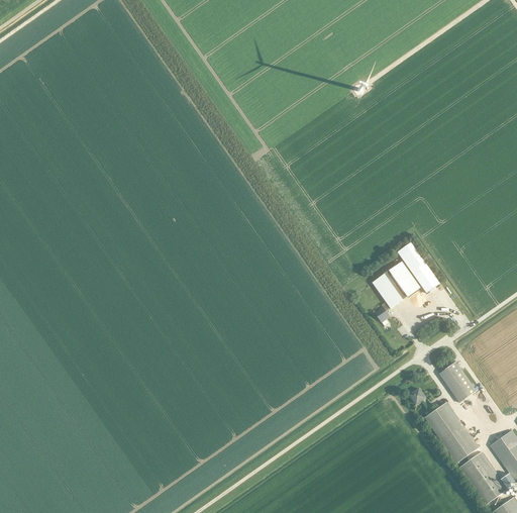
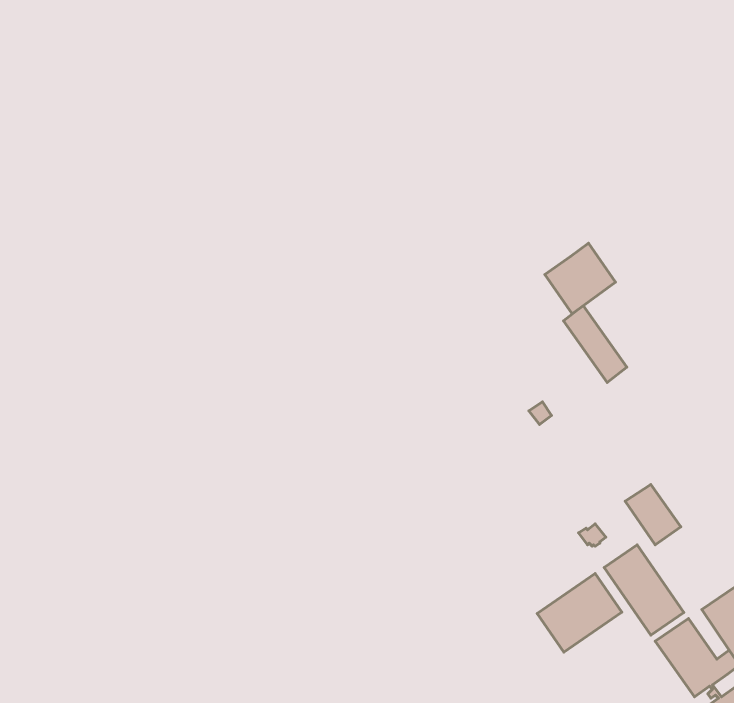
building: [372,261,419,308] -> [545,243,616,314]
building: none -> [537,573,622,652]

